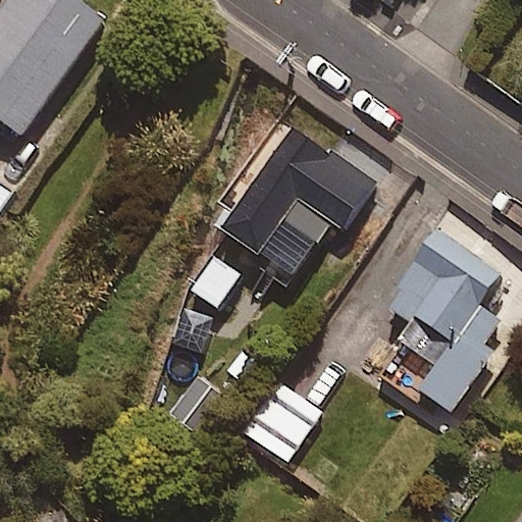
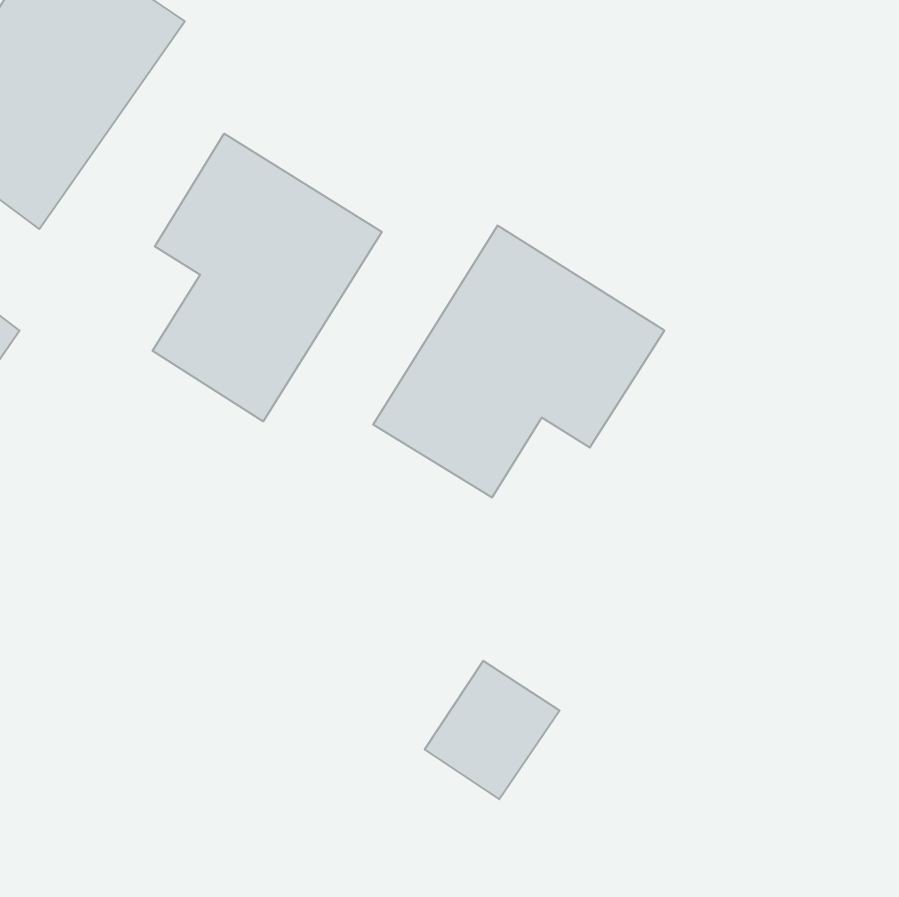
building: none -> [152,134,382,421]
building: [382,227,499,408] -> none

